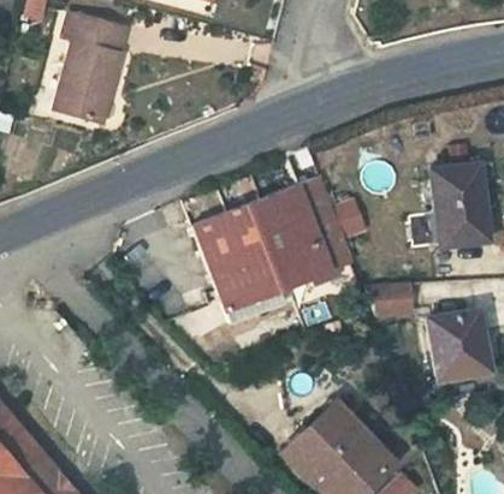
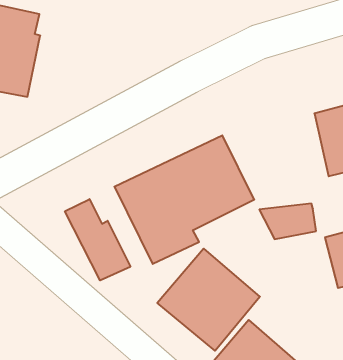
building: none -> [65,199,130,280]
building: none -> [157,249,260,351]

